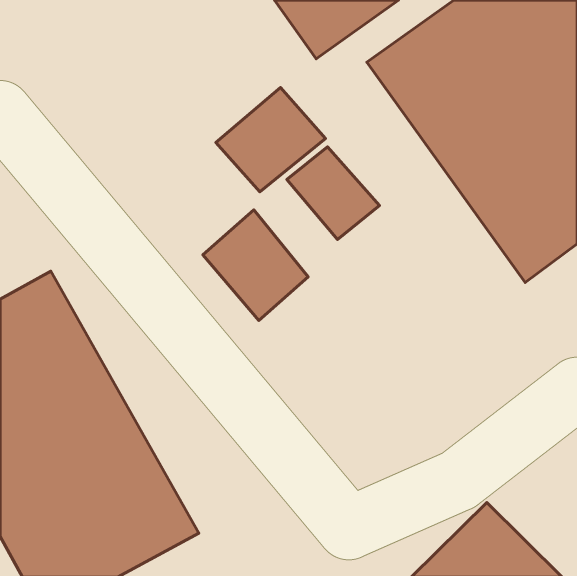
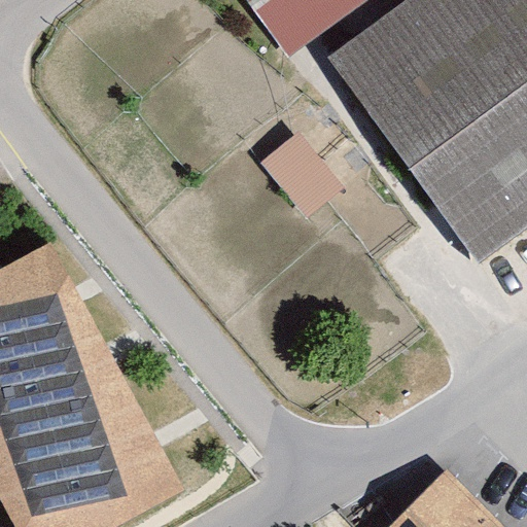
building: [216,88,325,192] -> none
building: [203,210,308,321] -> none

